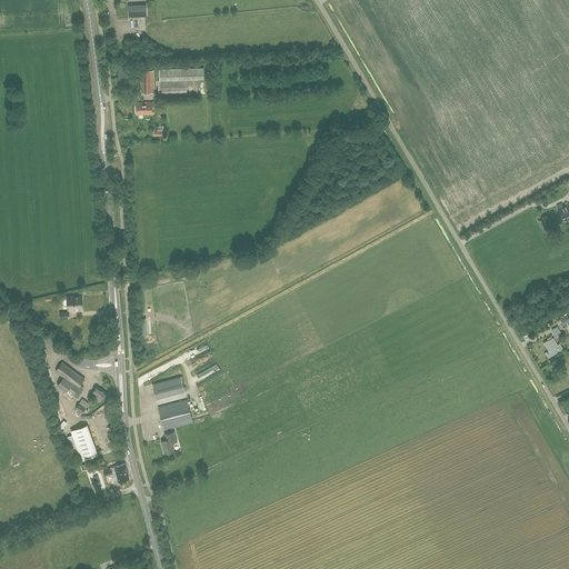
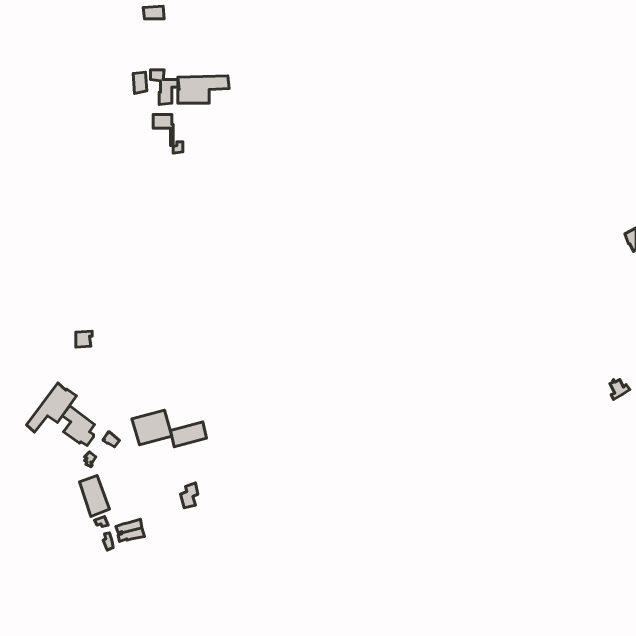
building: none -> [26,383,76,432]
building: [158,399,193,430] -> [132,410,172,445]

